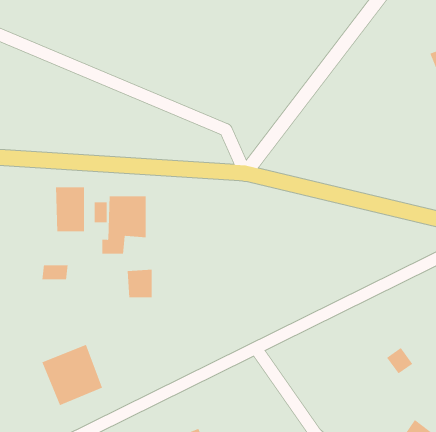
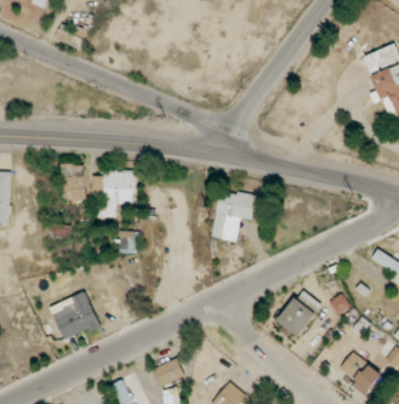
building: none -> [212,190,256,241]
building: none -> [278,290,323,337]

